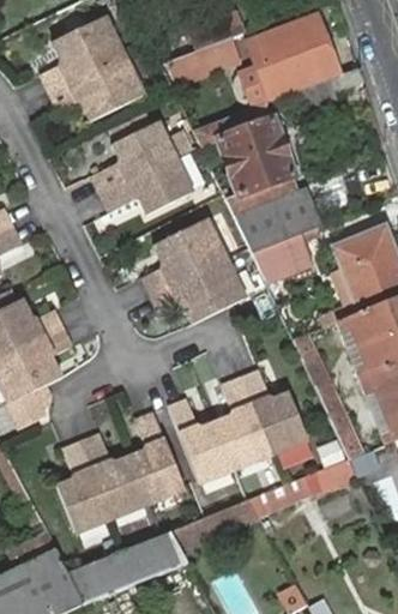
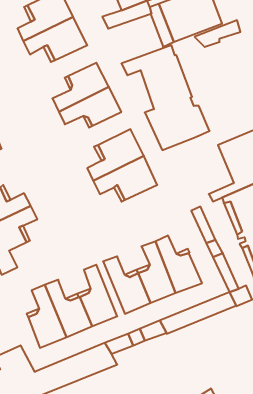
building: [252,231,313,282] -> none

